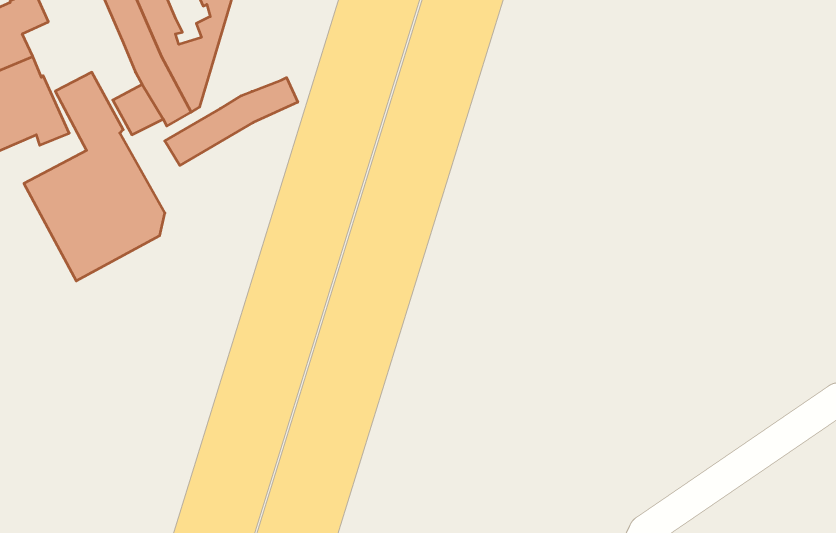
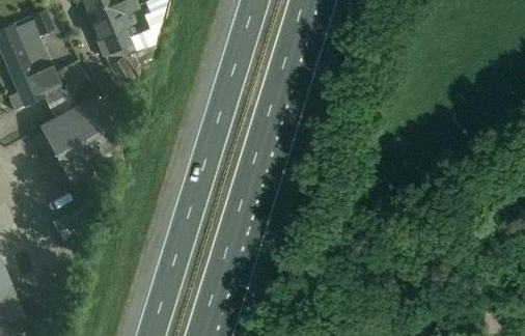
building: [165,78,298,165] -> none

